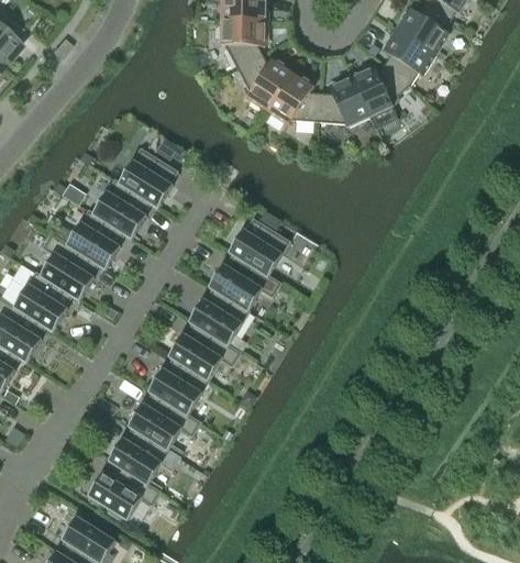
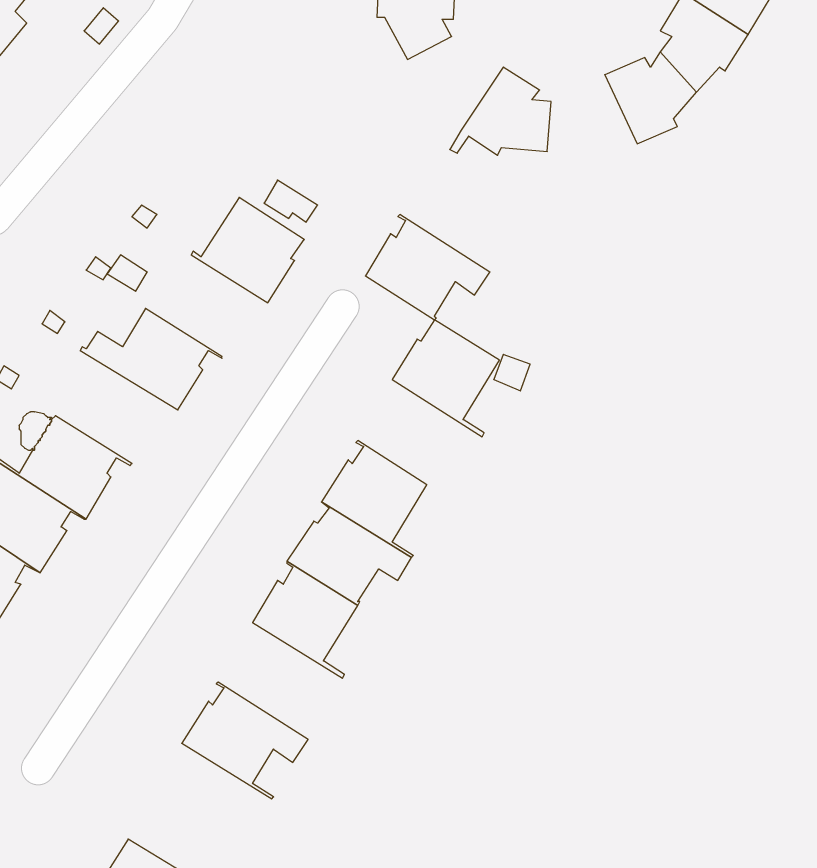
building: [237,54,292,108] -> none
building: [318,76,369,126] -> none
building: [87,179,157,238] -> none
building: [35,234,106,299] -> none
building: [209,251,280,311] -> [365,215,490,320]
building: [129,390,200,457] -> none
building: [87,460,159,520] -> none

